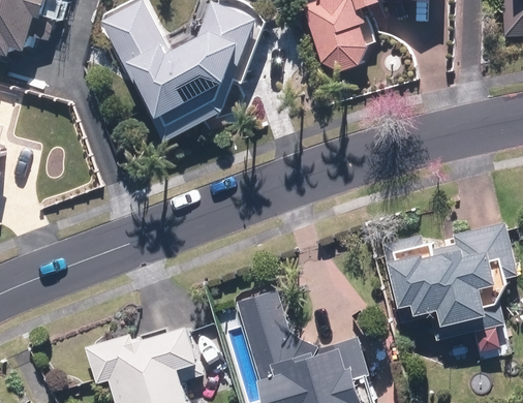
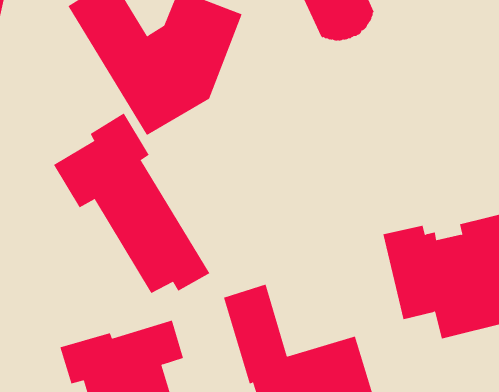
building: none -> [53,113,210,294]

